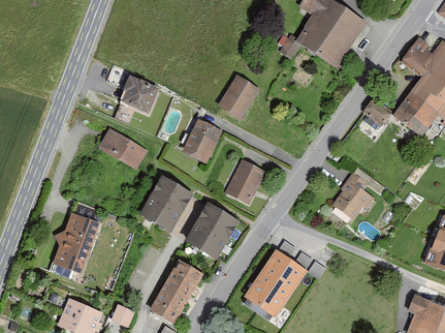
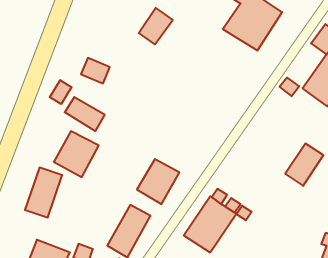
building: [215,79,256,123] -> [139,8,173,44]
building: none -> [50,80,72,104]
building: [183,118,223,162] -> none
building: [225,158,265,204] -> none
building: [331,170,378,221] -> [285,143,323,186]
building: [137,176,192,232] -> [54,131,99,177]

